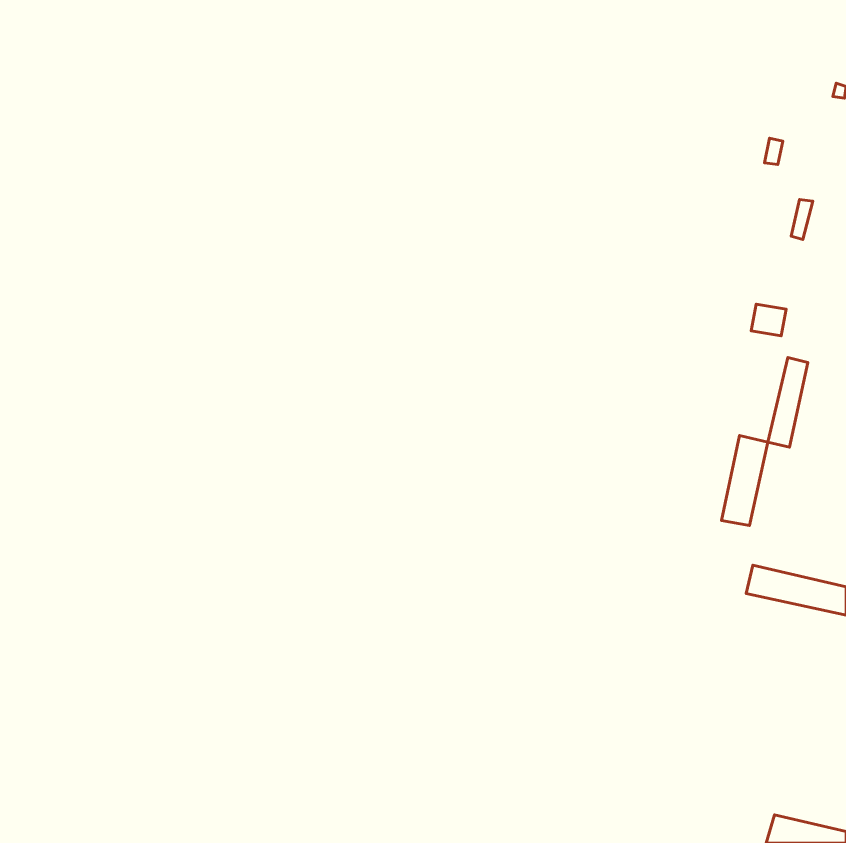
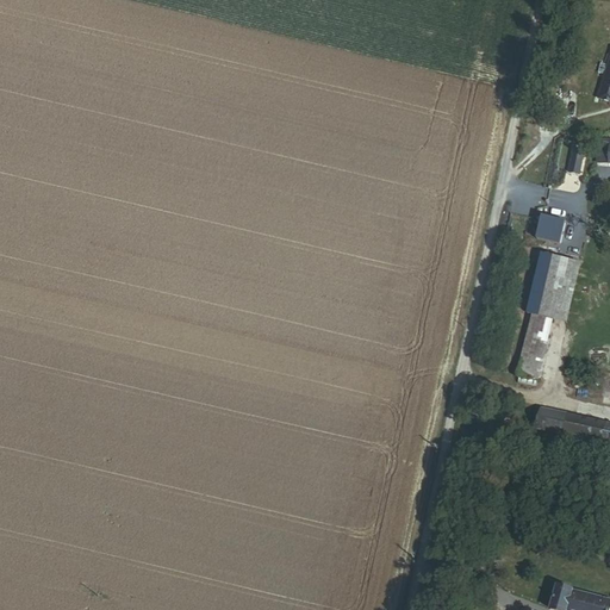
building: none -> [525,251,565,317]

